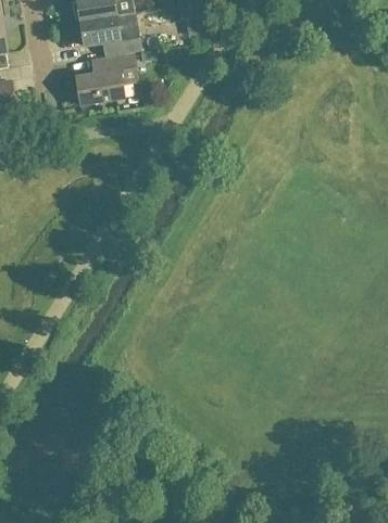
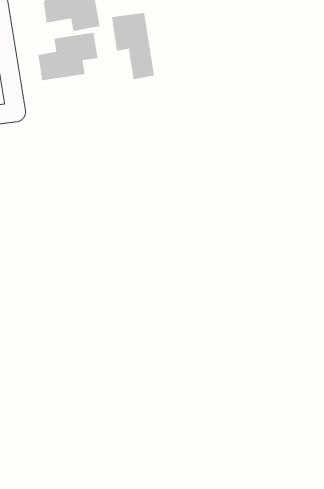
building: none -> [111,12,155,80]

